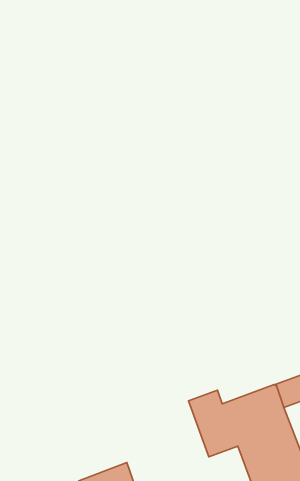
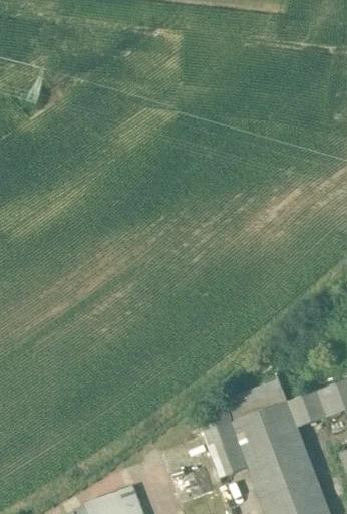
building: none -> [226,382,289,426]

